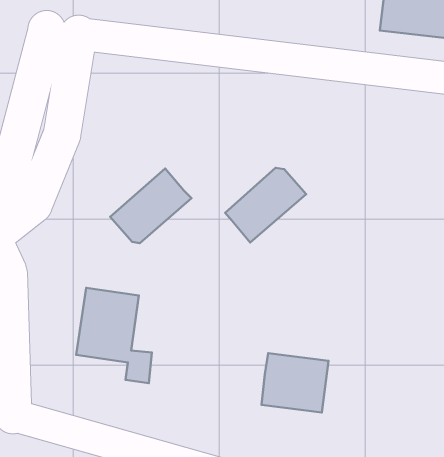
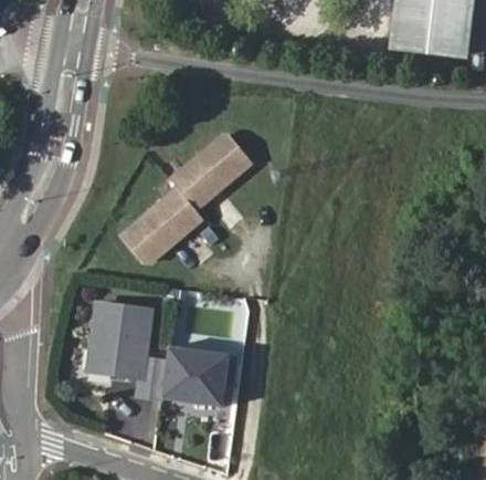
building: [225,168,306,242] -> [172,133,254,208]
building: [262,353,328,412] -> [162,351,230,410]

